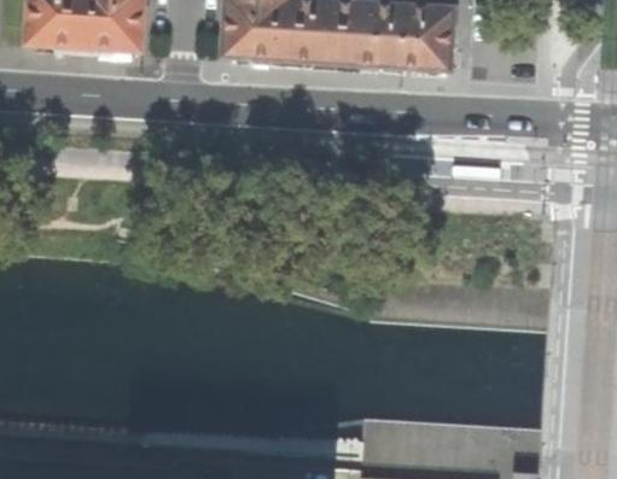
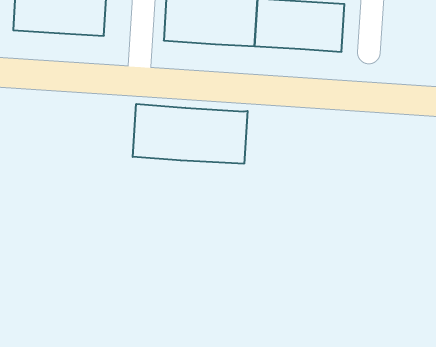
building: none -> [133,104,248,164]

